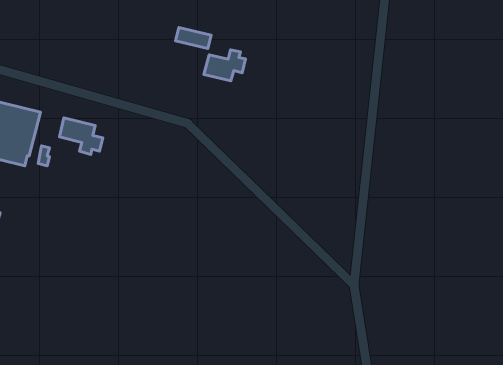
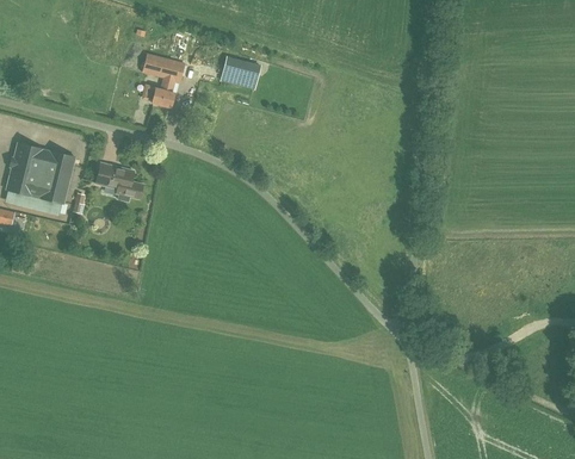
building: none -> [141,52,185,106]
building: [204,50,246,81] -> none

